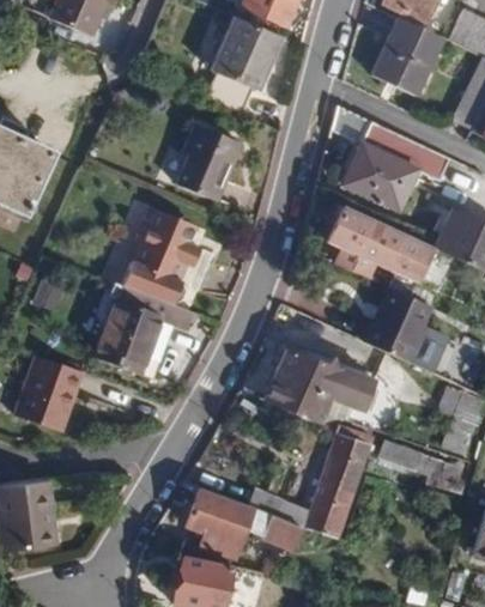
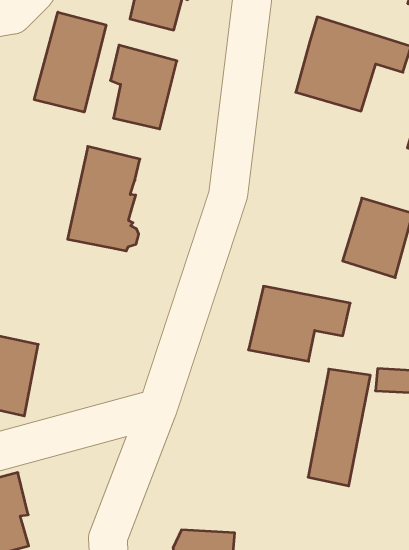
building: none -> [34,12,106,112]
building: [329,207,429,280] -> none
building: [96,284,193,376] -> none
building: [184,490,303,557] -> none

